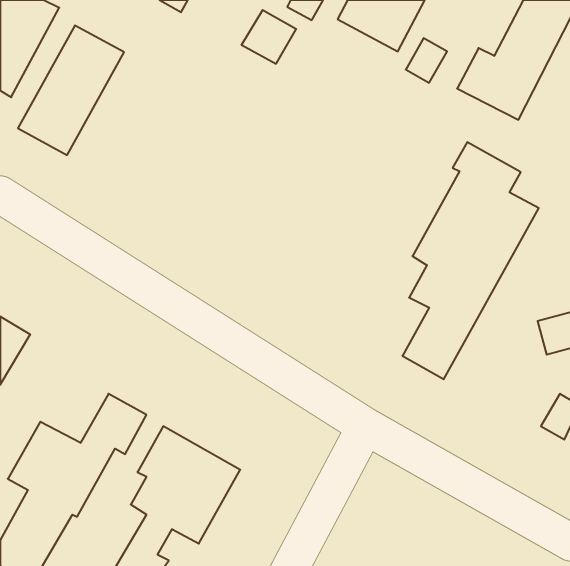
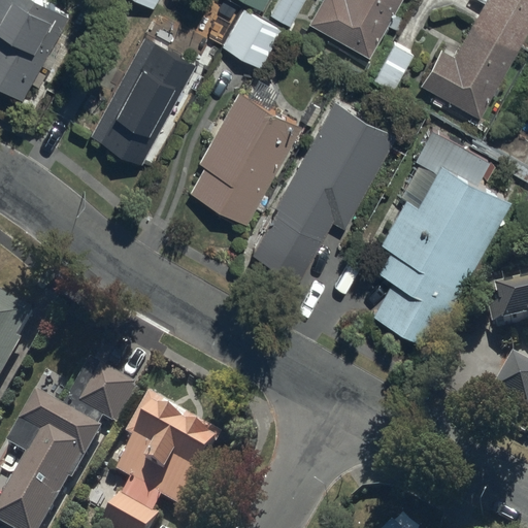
building: [18,25,124,155] -> [92,40,190,160]
building: none -> [191,95,298,222]
building: none -> [244,98,397,287]

